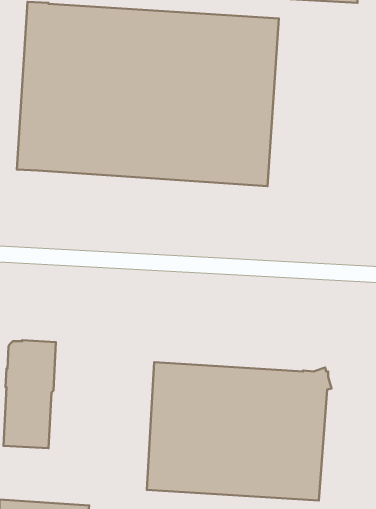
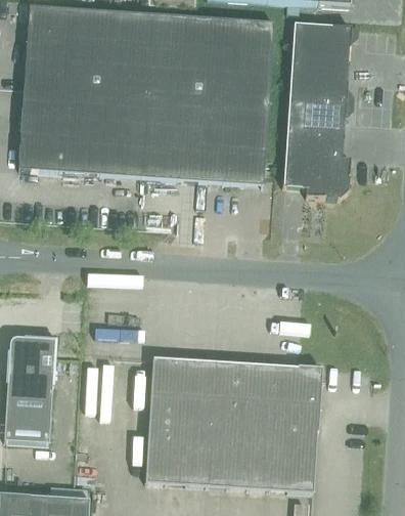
building: none -> [282,23,356,197]

